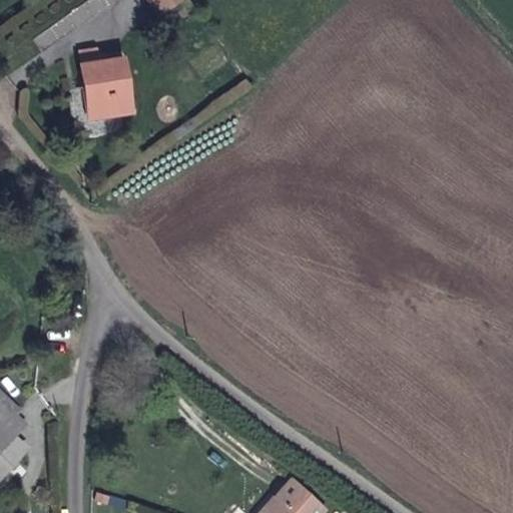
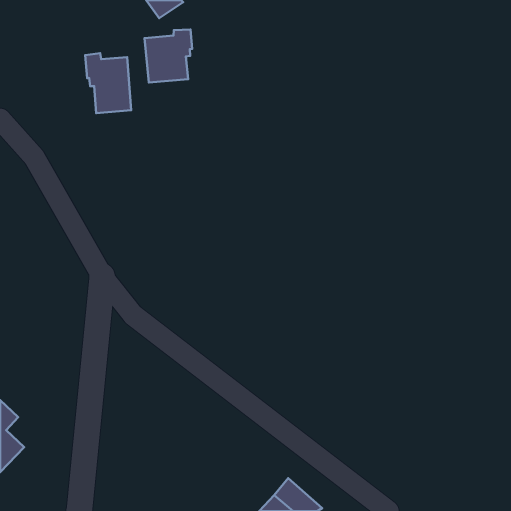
building: none -> [145,29,192,82]

